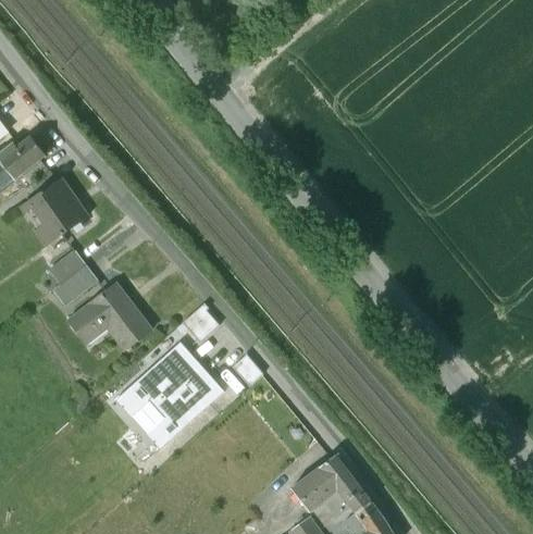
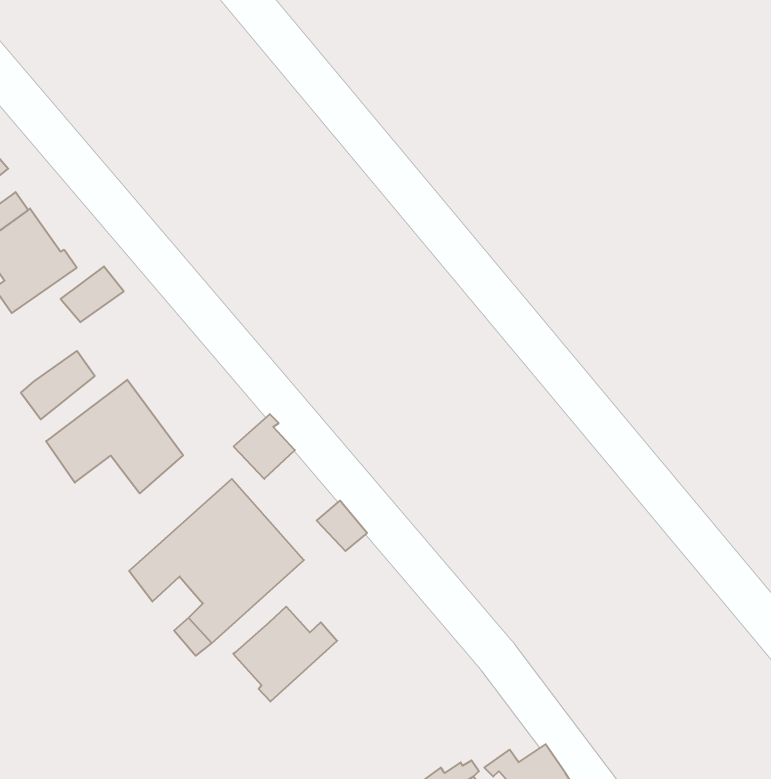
building: [49,250,87,284] -> [61,266,124,322]
building: none -> [233,607,337,702]
building: [289,455,370,513] -> none

